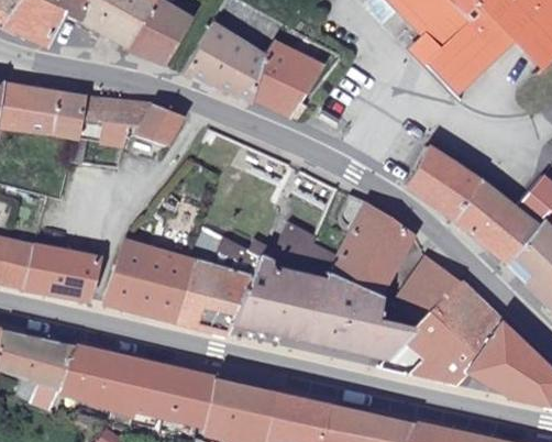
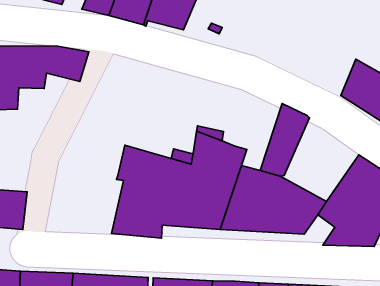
building: [408,145,475,213] -> none
building: [330,190,386,280] -> none
building: [107,244,198,322] -> none
building: [386,258,461,327] -> none

